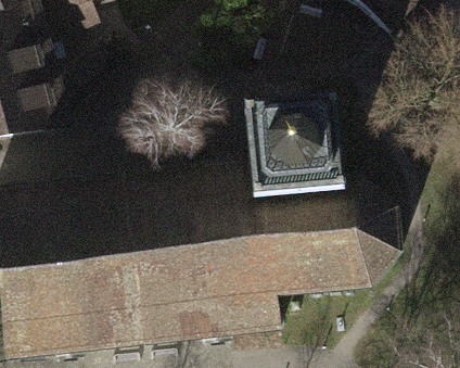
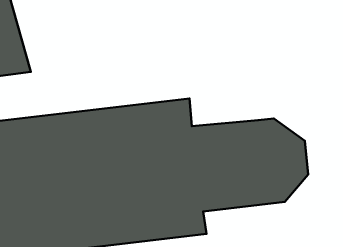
building: [239,106,329,192] -> none

